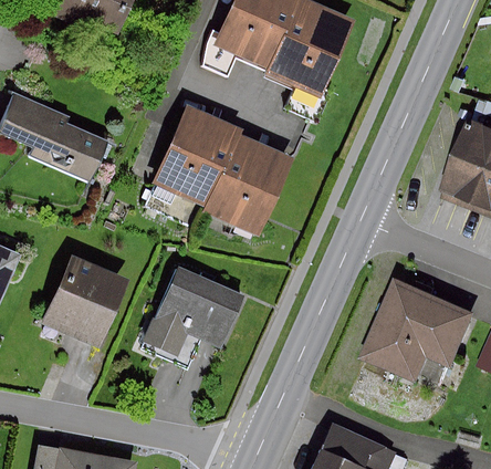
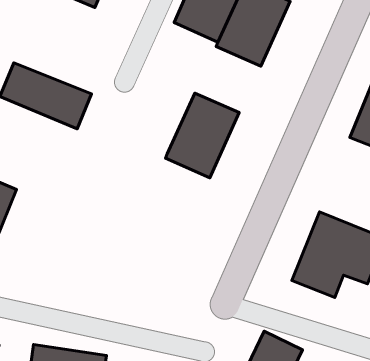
building: [153,104,244,209] -> none
building: [42,252,129,342] -> none
building: [147,269,247,357] -> none

